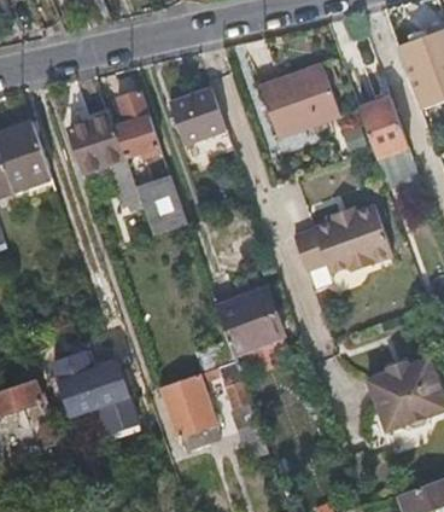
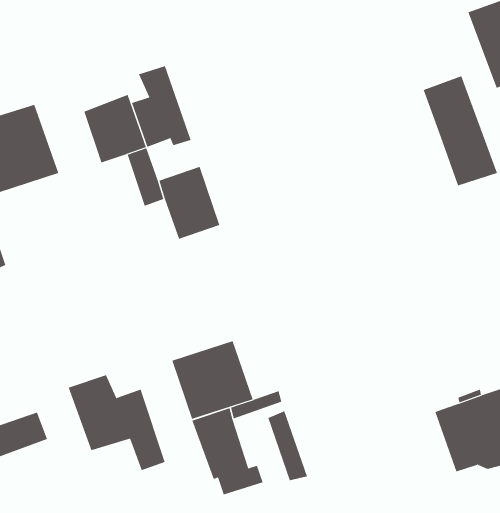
building: [261,65,340,133] -> none
building: [169,88,233,156] -> none
building: [293,206,392,274] -> none
building: [216,285,285,351] -> [171,341,253,420]

